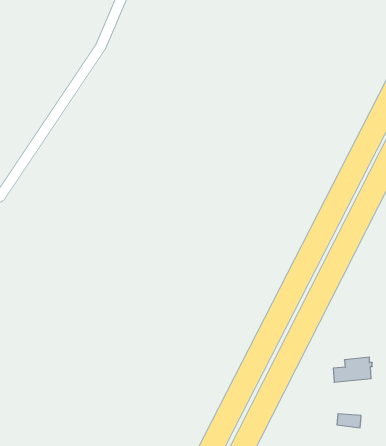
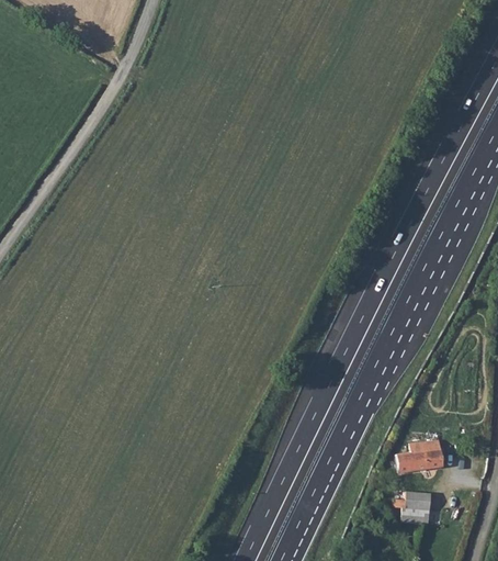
building: none -> [395,491,431,510]

